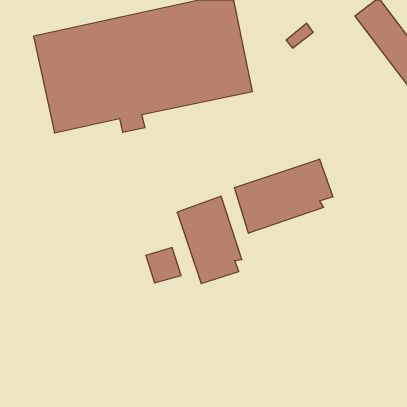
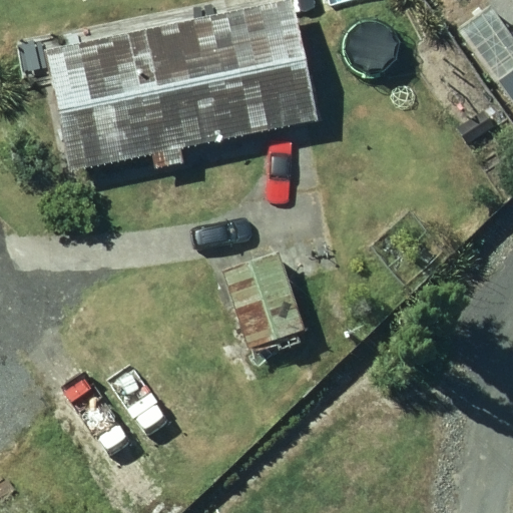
building: [235,159,333,233] -> none

